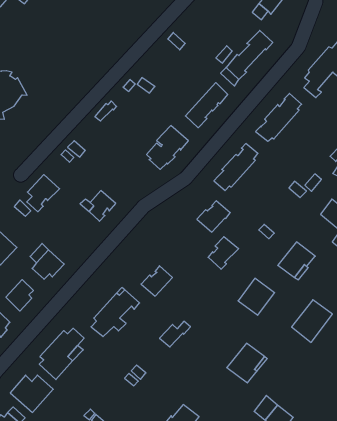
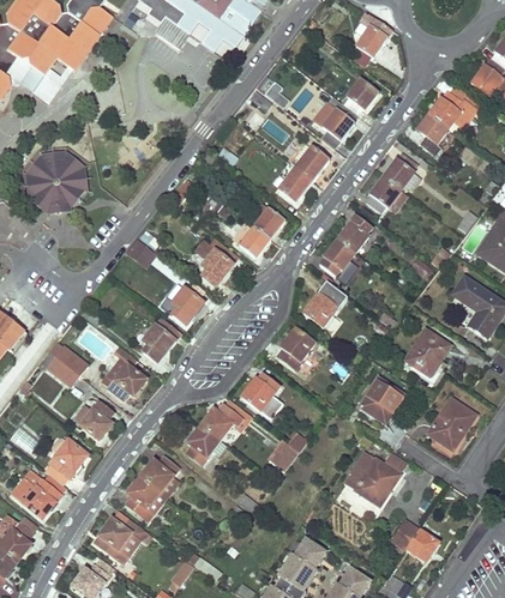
building: none -> [197,240,234,286]
building: [27,175,60,212] -> [143,316,181,362]
building: [208,237,239,269] -> [278,328,314,368]

